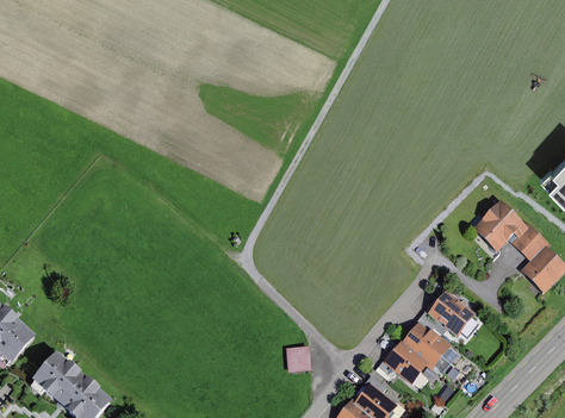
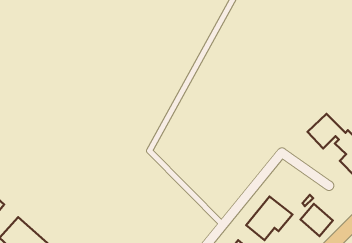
building: [428,292,474,338] -> [301,204,333,236]
building: [288,345,312,369] -> none

